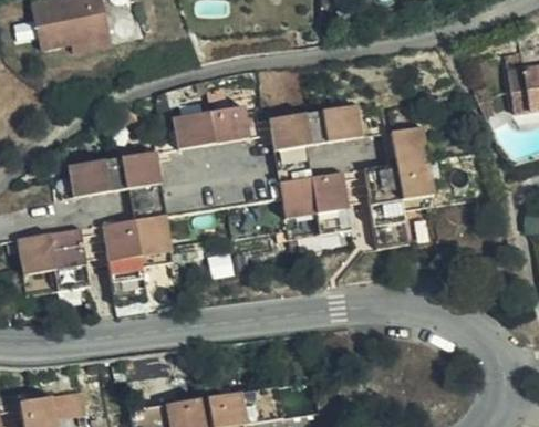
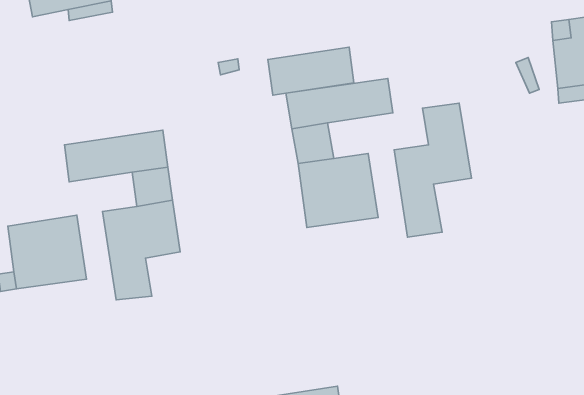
building: [170,105,248,148] -> [268,47,354,95]

